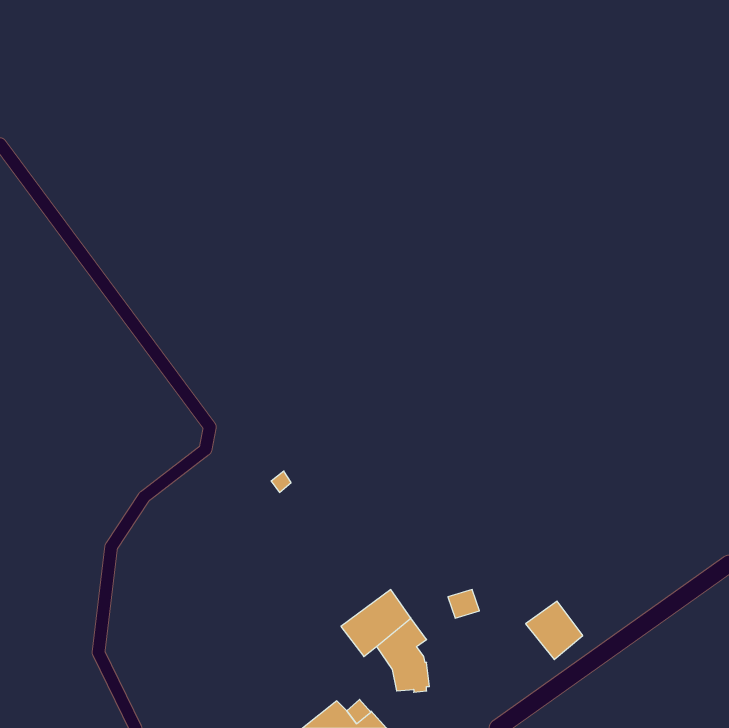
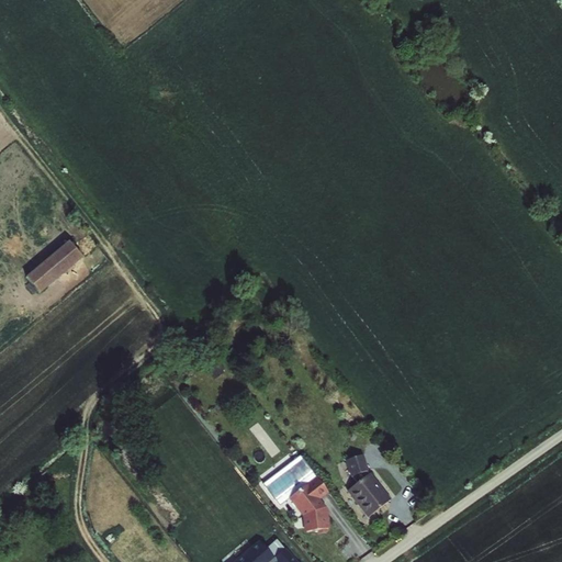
building: none -> [24,239,82,293]
building: [526,601,583,660] -> [347,472,391,517]

